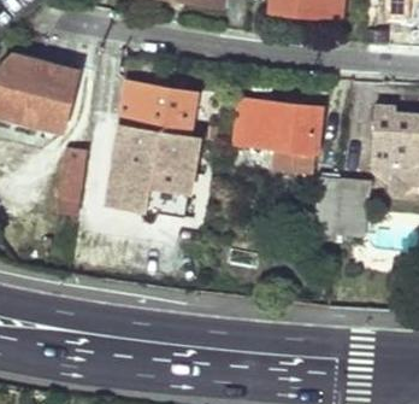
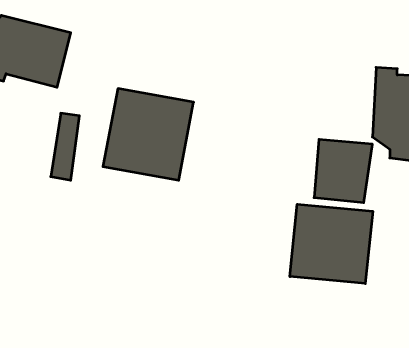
building: [124,83,190,135] -> none
building: [236,101,318,172] -> none
building: none -> [290,204,373,284]

